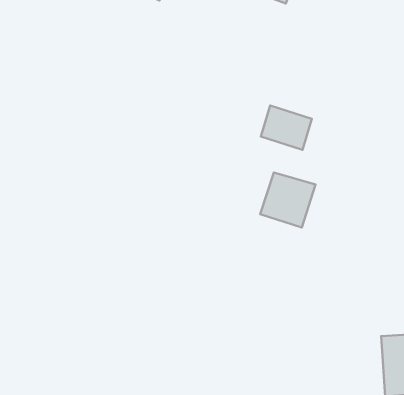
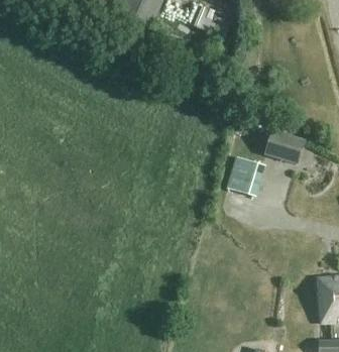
building: [261,106,312,150] -> [265,129,304,162]

